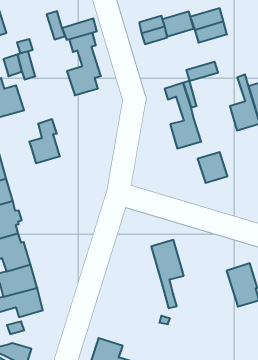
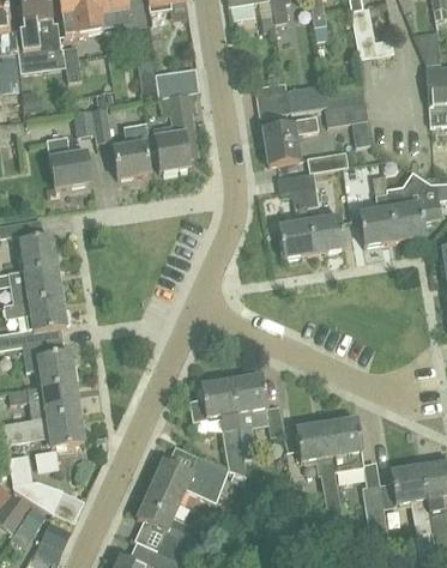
building: none -> [264,115,318,163]
building: [29,119,60,163] -> [114,122,151,176]
building: [198,152,228,183] -> [310,214,346,252]
building: none -> [191,379,243,448]
building: none -> [296,418,342,509]
building: none -> [150,455,226,502]

